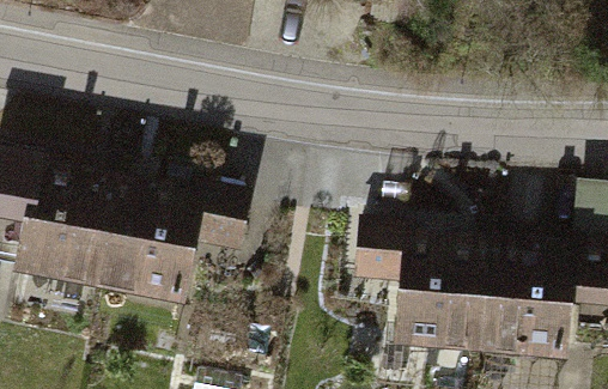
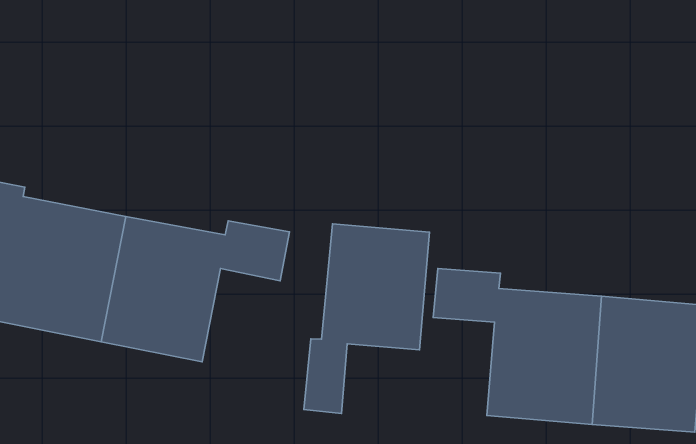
building: none -> [304,224,430,413]

